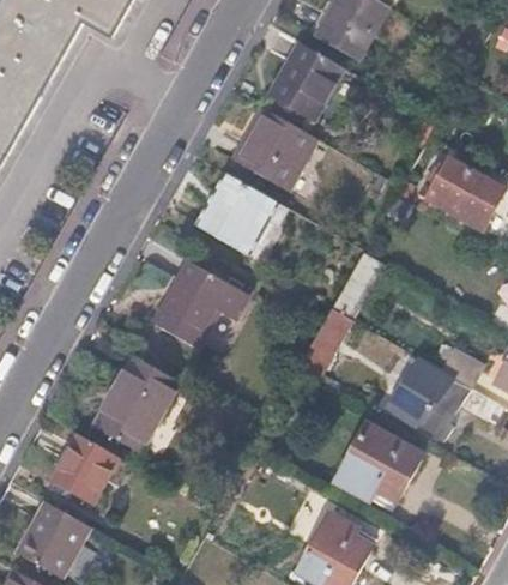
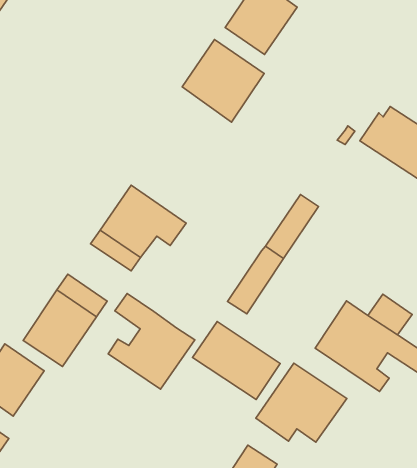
building: [196,171,279,255] -> none
building: none -> [108,293,195,389]
building: none -> [192,321,280,399]

